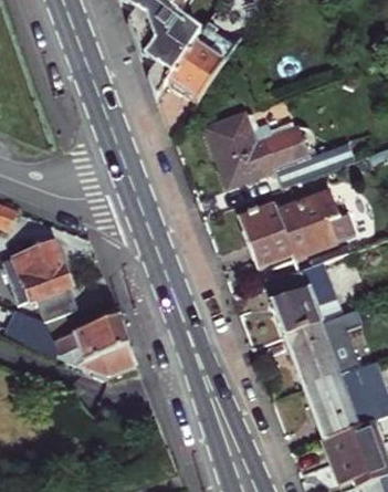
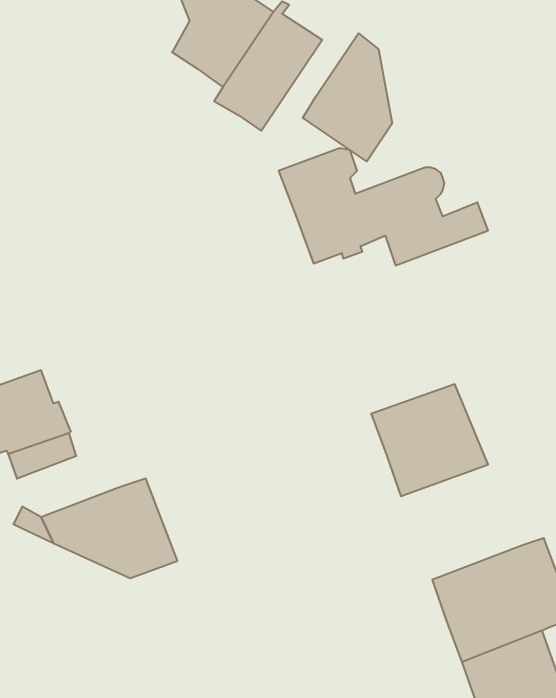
building: none -> [303,33,392,161]
building: [237,188,353,261] -> none
building: [282,304,360,384] -> none

